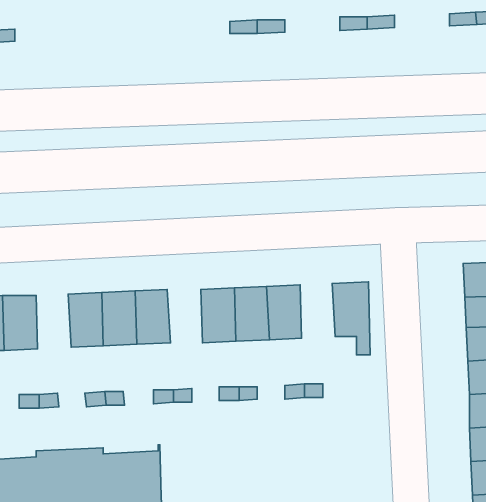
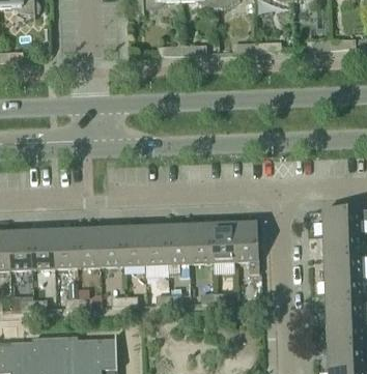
building: none -> [210,222,234,259]
building: none -> [120,226,144,262]
building: none -> [31,229,55,266]

